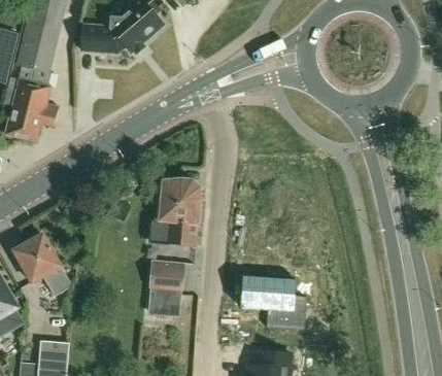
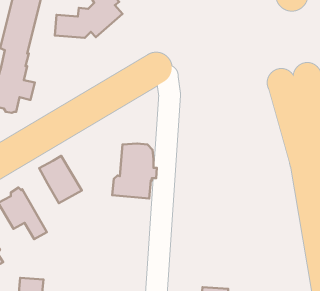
building: none -> [39,156,82,203]
building: [150,260,185,303] -> none
building: [241,272,306,330] -> none

